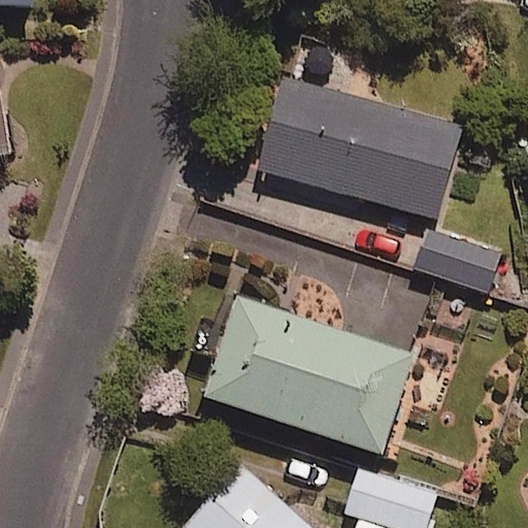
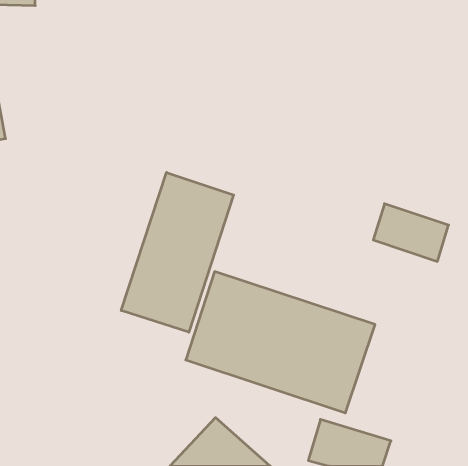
building: [259,76,460,217] -> none
building: none -> [121,172,234,332]

